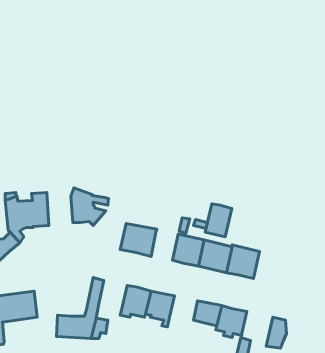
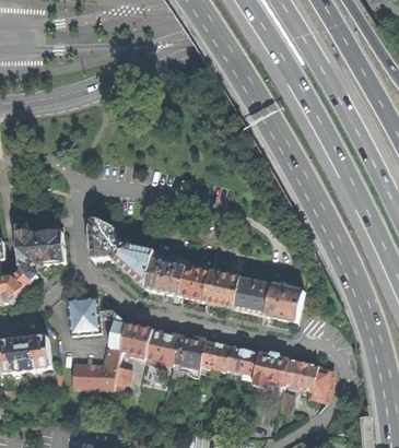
building: [205,204,232,237] -> none
building: none -> [114,245,153,288]
building: none -> [179,268,210,300]
building: none -> [67,296,99,334]
building: none -> [120,323,152,358]
building: none -> [200,341,232,370]
building: none -> [282,358,317,398]

